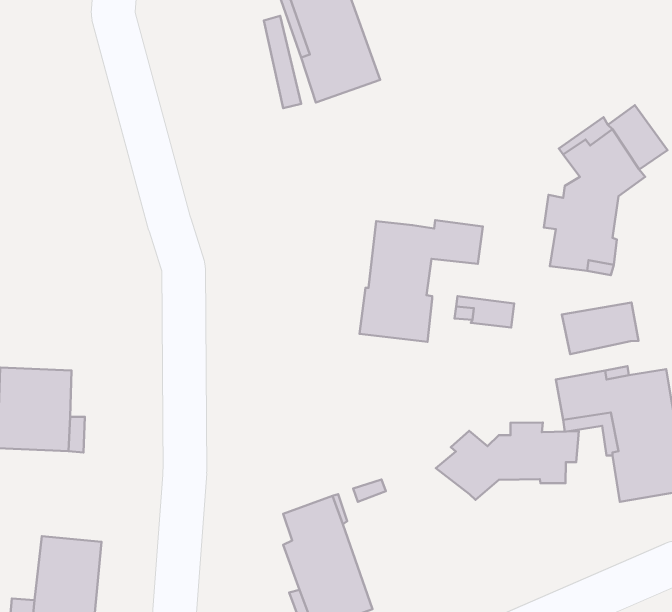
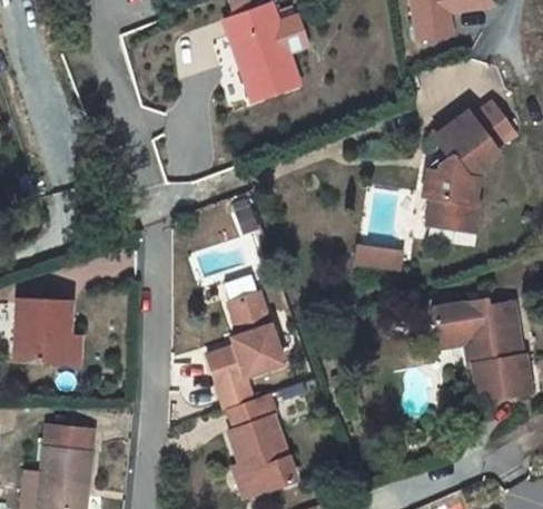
building: [360,220,483,342] -> none
building: [562,302,639,354] -> none
building: none -> [206,293,282,409]
building: [436,422,579,500] -> none

